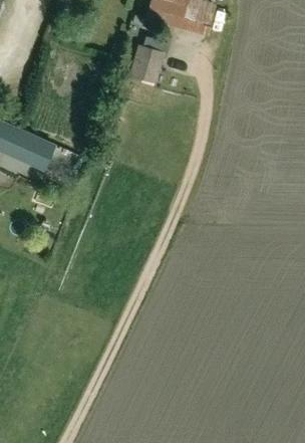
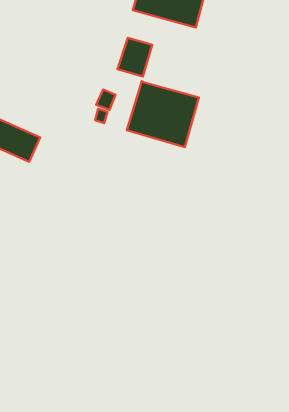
building: none -> [127,81,199,147]

